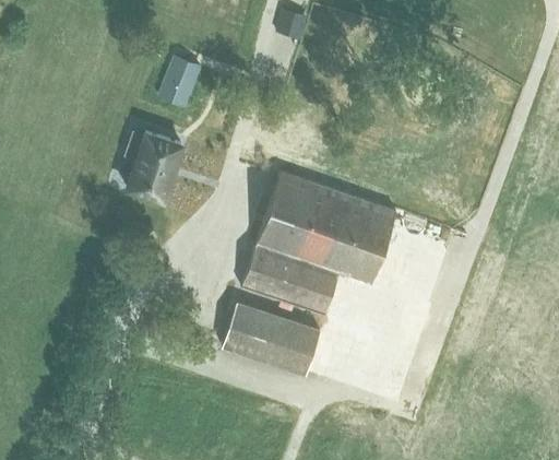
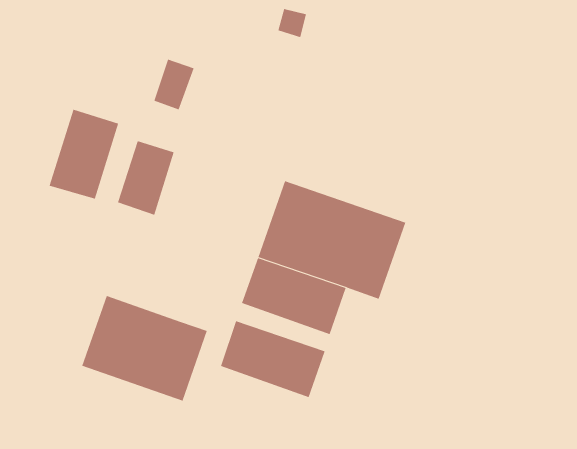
building: none -> [49,109,119,199]
building: none -> [82,295,208,401]

